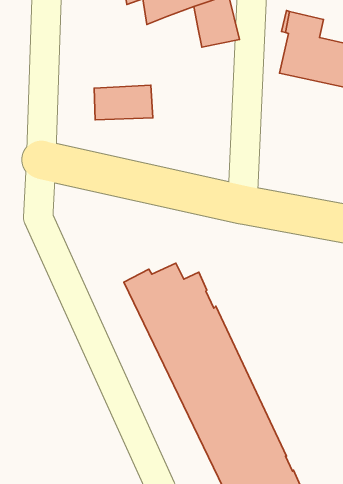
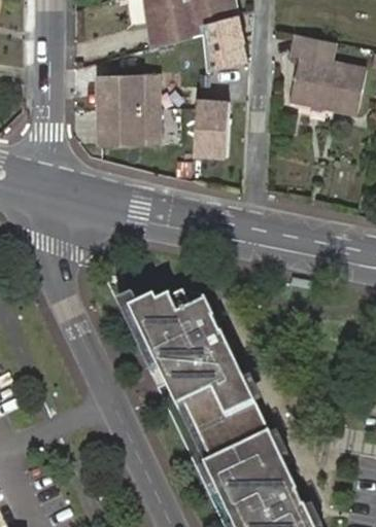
building: none -> [98,76,158,112]
building: none -> [196,101,230,156]

